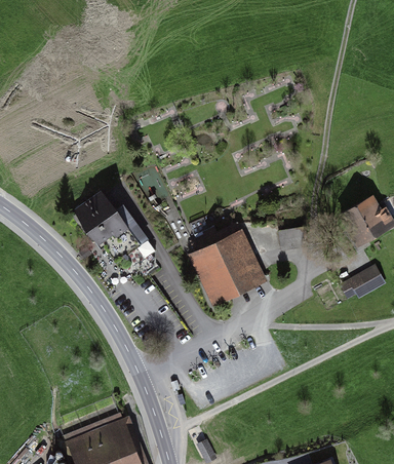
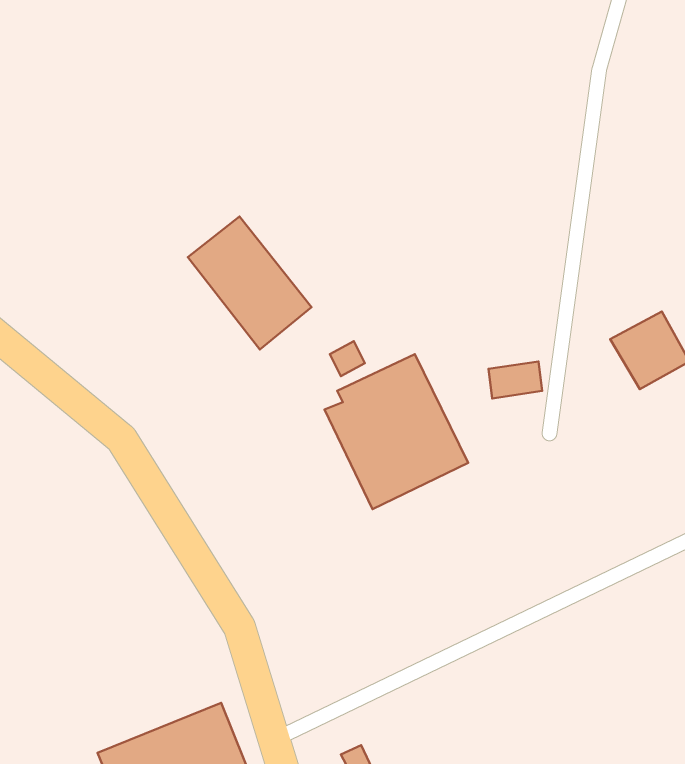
building: [78,188,147,262] -> [188,217,312,350]
building: [346,268,380,296] -> none

